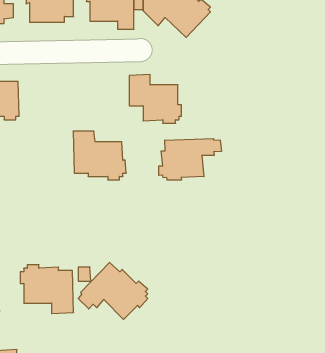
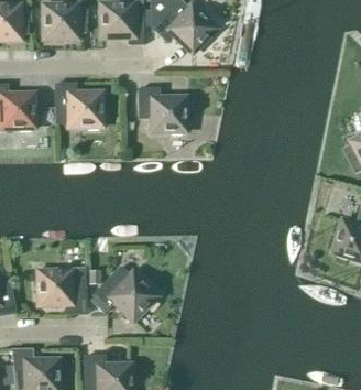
building: [73,131,126,180] -> [55,83,106,129]
building: [159,139,221,180] -> none

